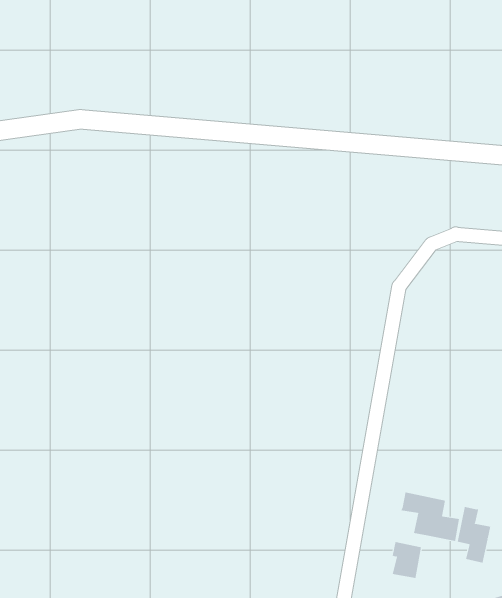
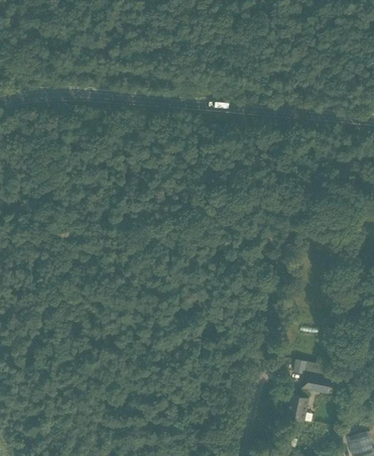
building: [457,506,491,563] -> none

